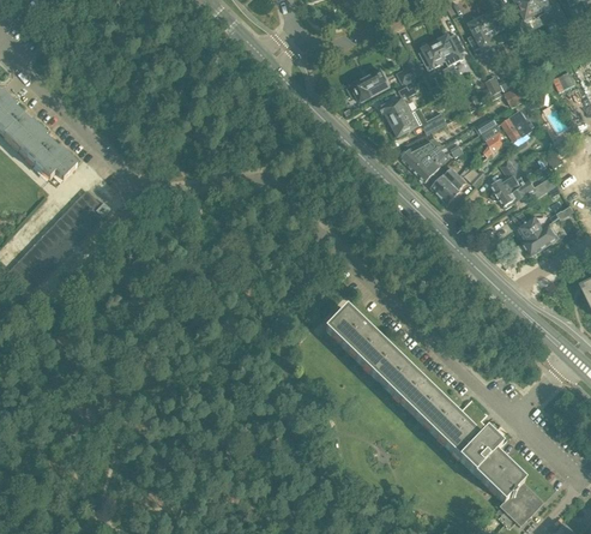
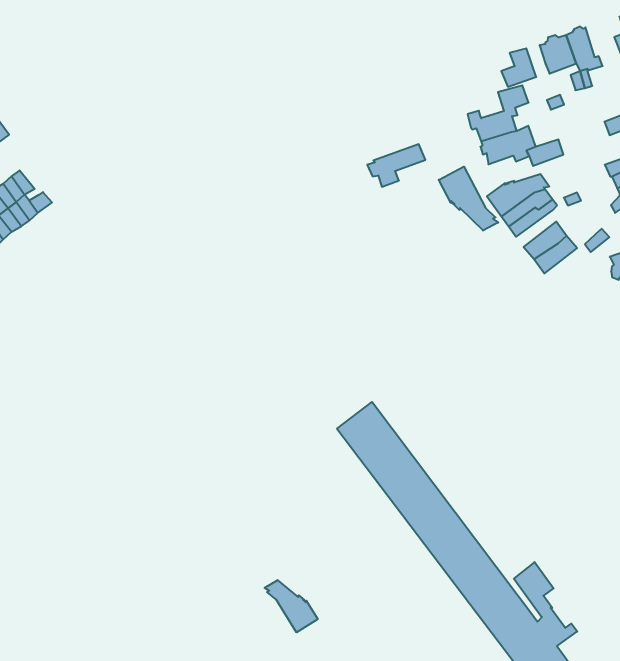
building: [349,67,387,100] -> [367,144,425,187]
building: none -> [439,167,498,231]
building: none -> [265,580,318,632]

